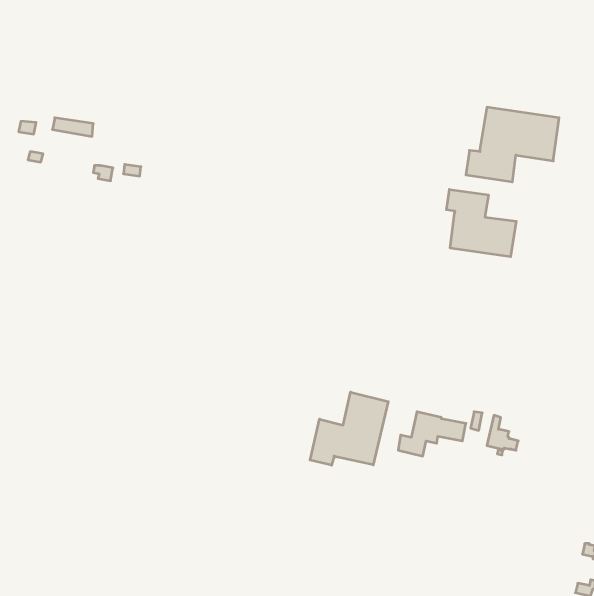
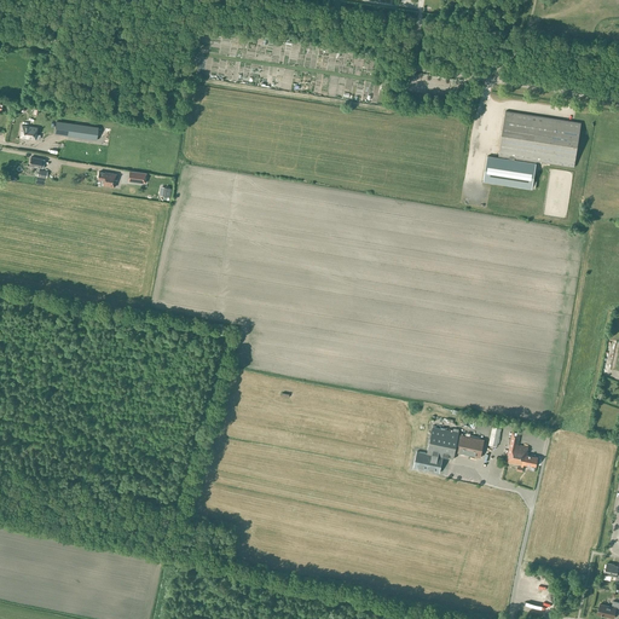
building: [446,189,516,257] -> none
building: [310,392,388,465] -> none

